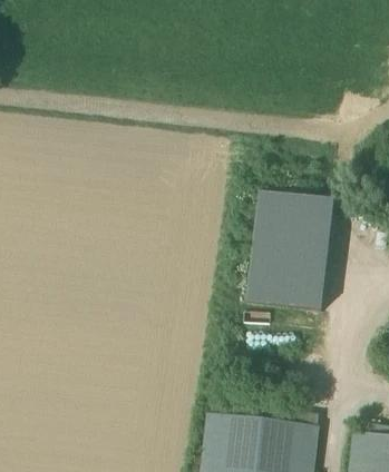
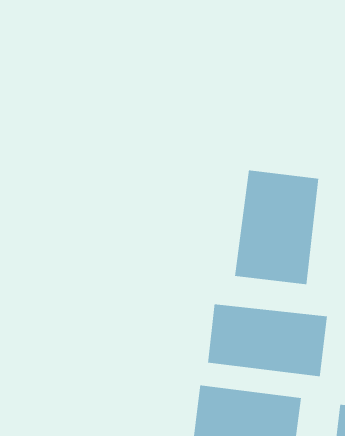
building: none -> [207,304,328,377]

